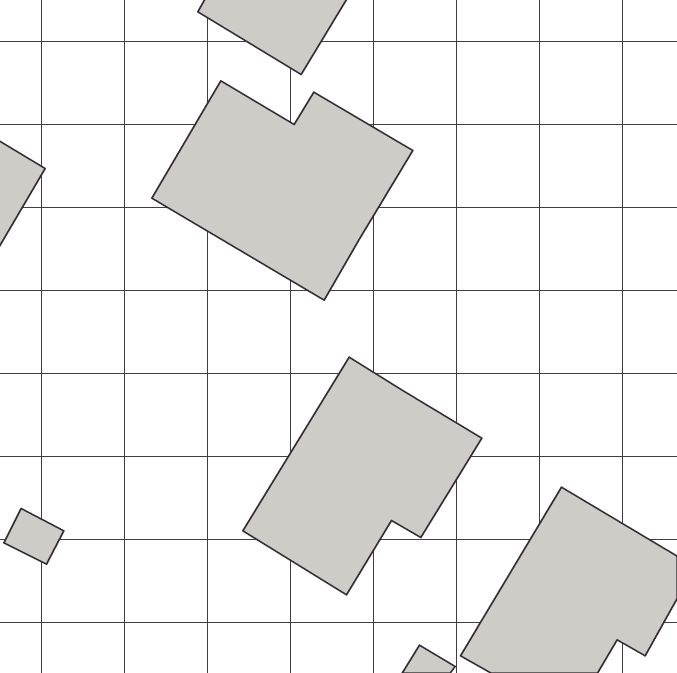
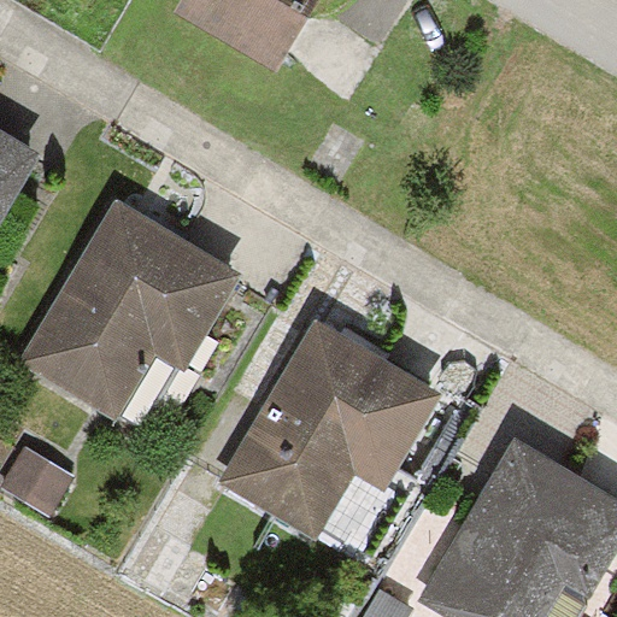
building: [152,81,413,300] -> none
building: none -> [31,204,241,405]

